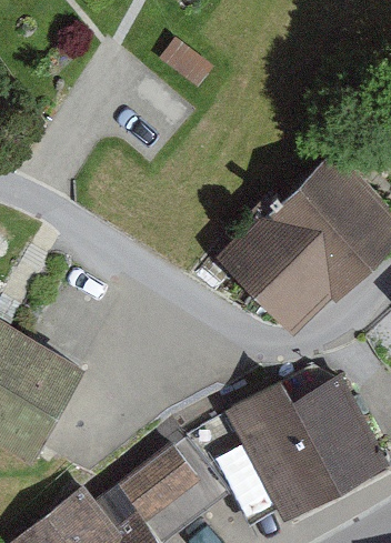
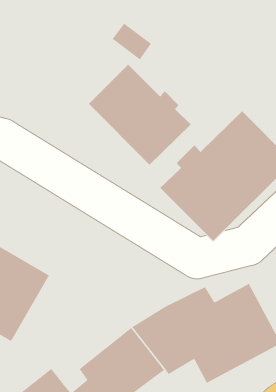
building: none -> [88,64,191,165]

